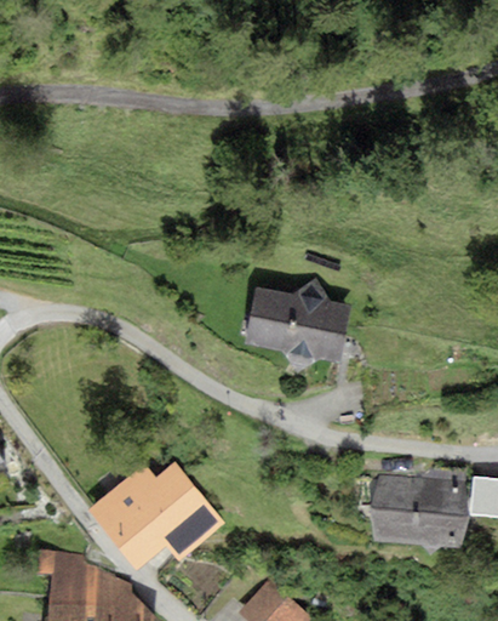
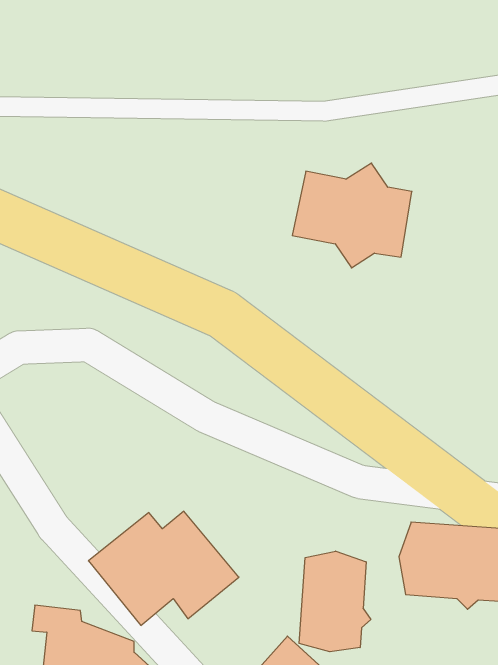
building: [244,279,351,374] -> [292,163,412,268]
building: none -> [299,551,371,652]

